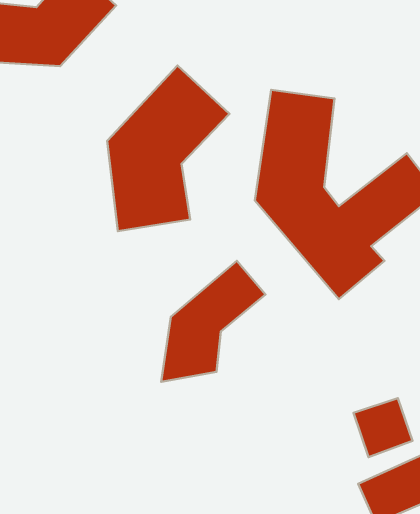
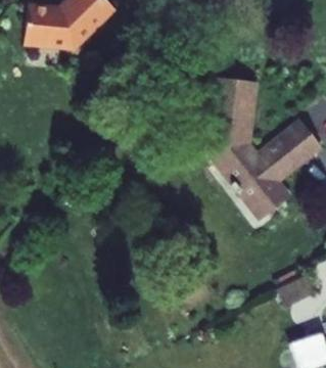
building: [107,65,230,231] -> none
building: [161,261,266,382] -> none

